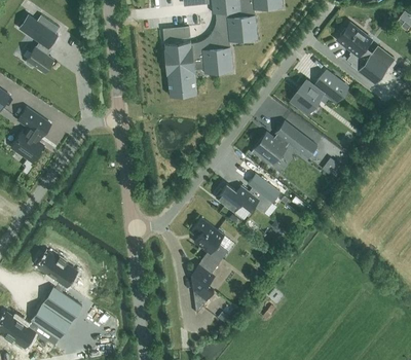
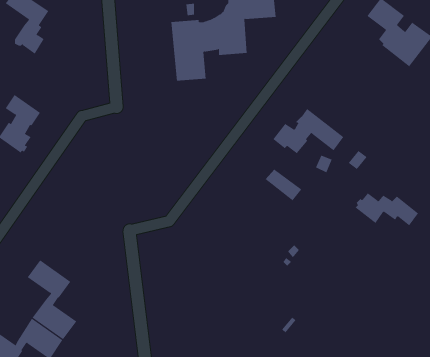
building: [291,71,347,112] -> none
building: [216,184,272,214] -> [355,192,419,226]
building: [191,217,220,314] -> none

